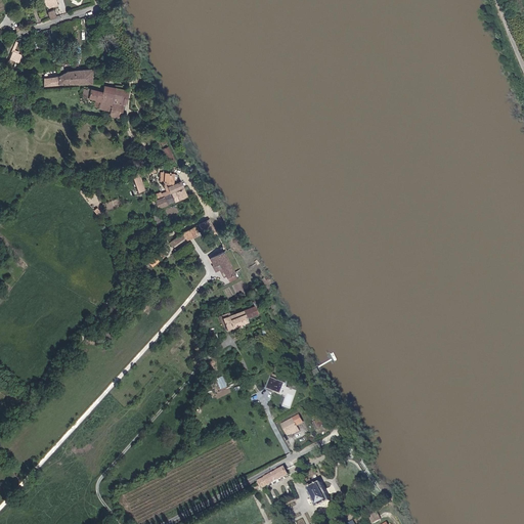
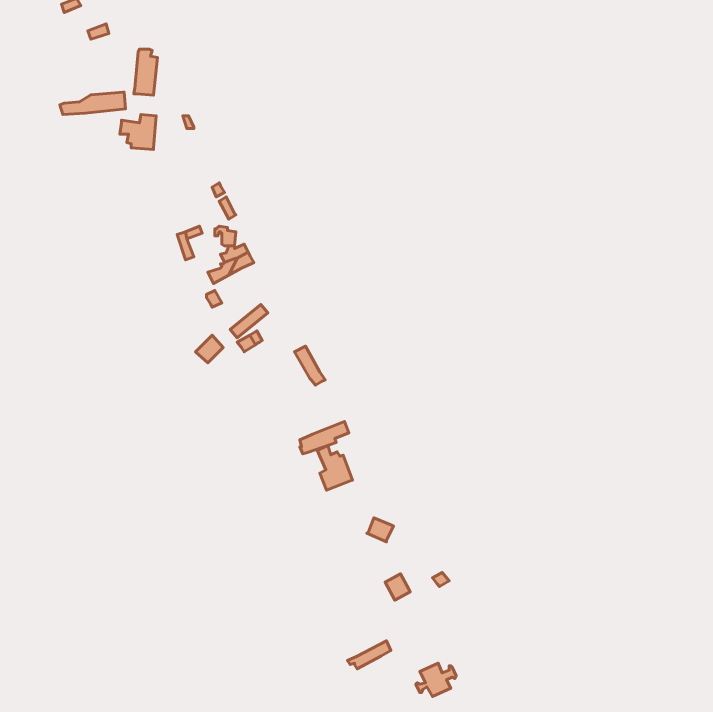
building: [112,83,129,117] -> [134,49,158,95]
building: none -> [317,446,352,490]

